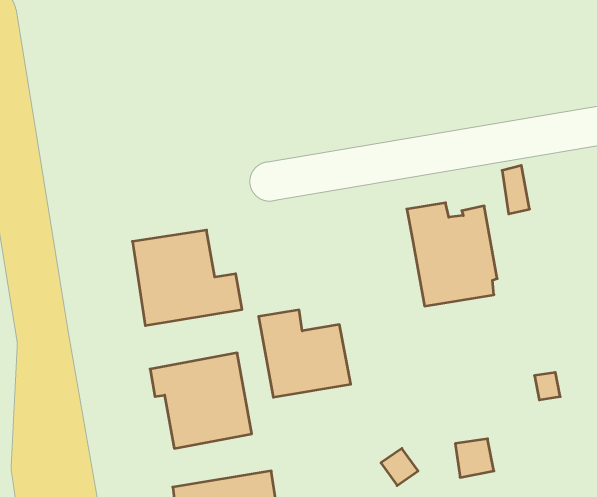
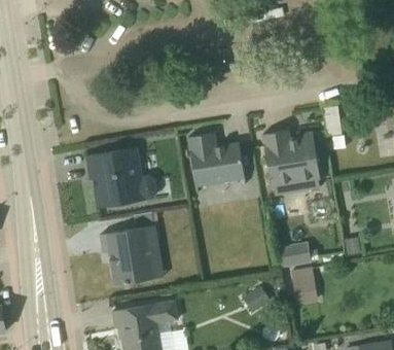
building: [259,310,351,397] -> [187,133,246,188]
building: none -> [280,243,312,268]

